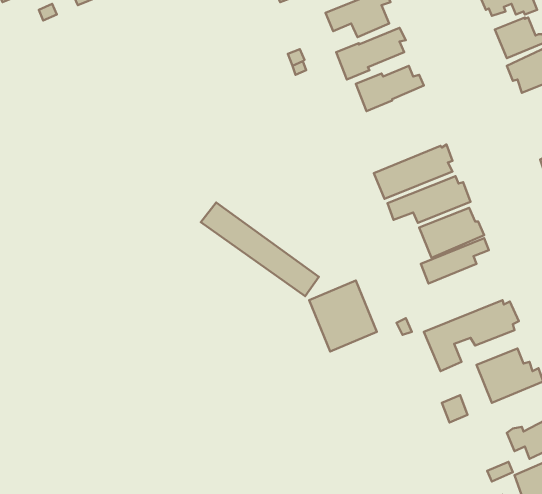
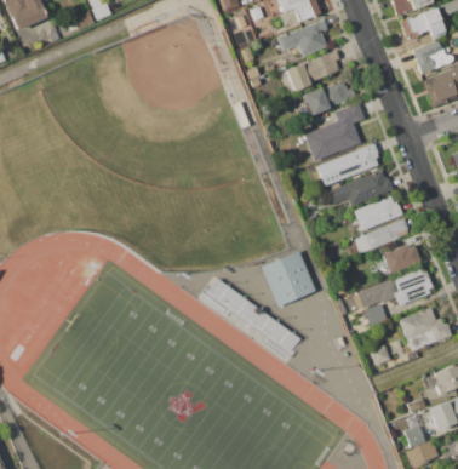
building: none -> [303,102,365,162]
building: [201,203,319,296] -> [208,280,303,355]
building: none -> [383,244,422,274]

